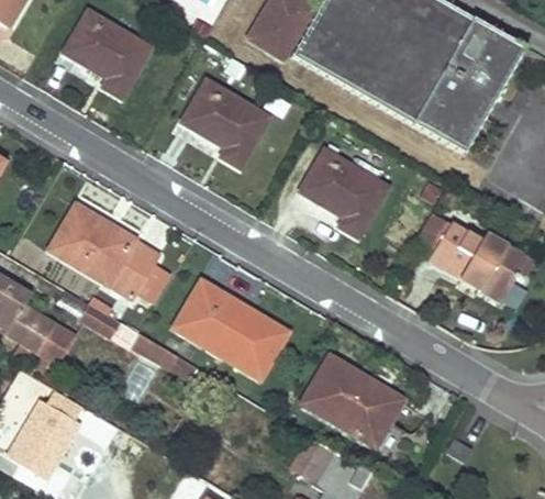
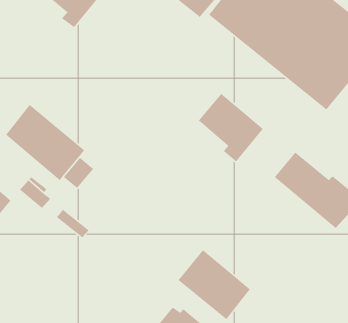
building: [181,81,268,167] -> none
building: [178,280,290,376] -> none

